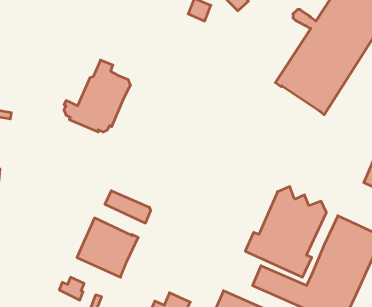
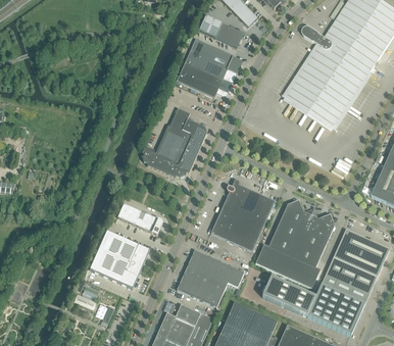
building: none -> [215,22,244,47]
building: none -> [177,39,242,98]
building: [64,60,131,132] -> [142,108,207,179]
building: none -> [210,180,275,252]
building: none -> [177,250,244,307]

